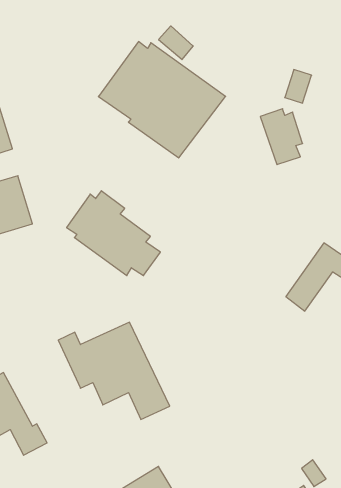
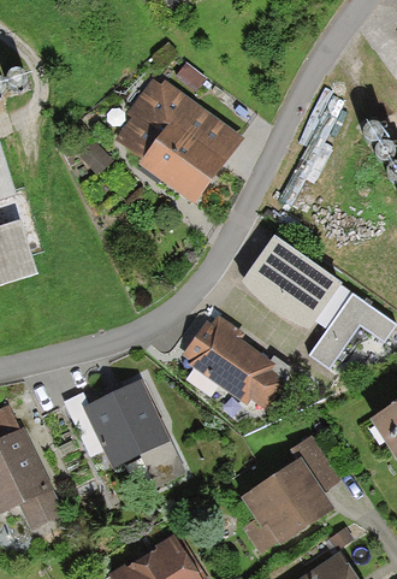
building: none -> [247,235,340,326]
building: [67,191,160,276] -> [184,313,285,404]
building: none -> [241,438,334,542]

